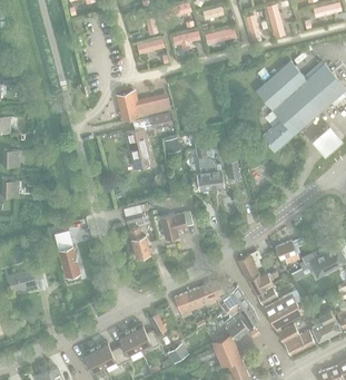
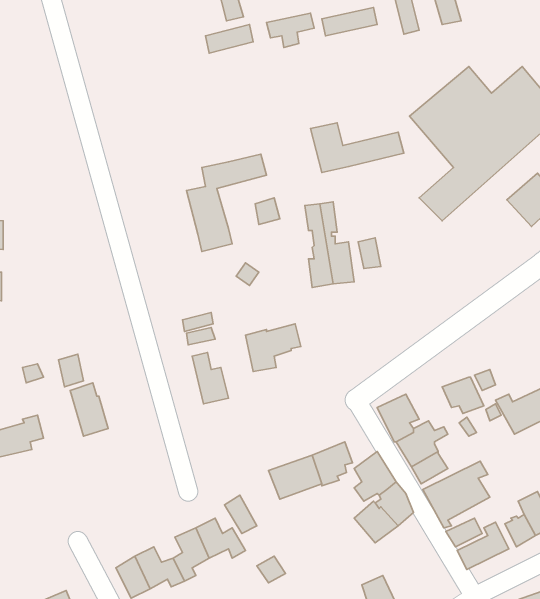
building: [115,90,169,119] -> [311,123,404,172]
building: [195,333,239,366] -> none

